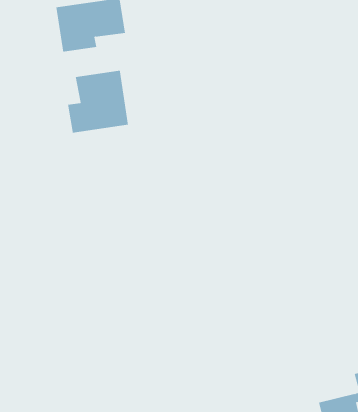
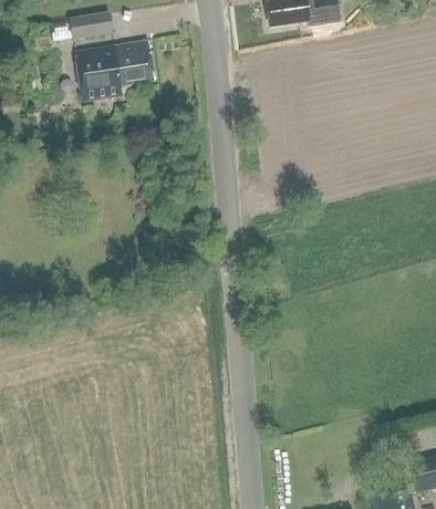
building: [67,70,128,134] -> none

